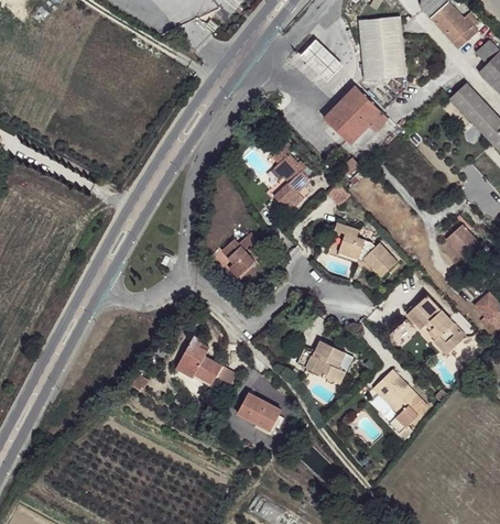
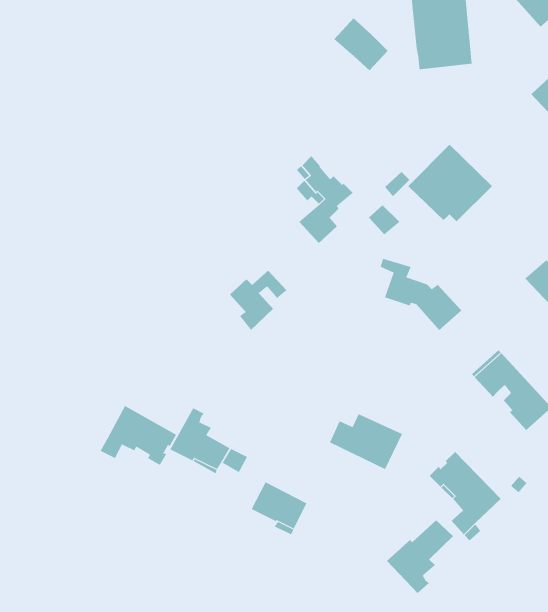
building: [323,86,388,145] -> [407,144,493,222]
building: none -> [100,405,177,466]
building: none -> [386,520,454,594]

